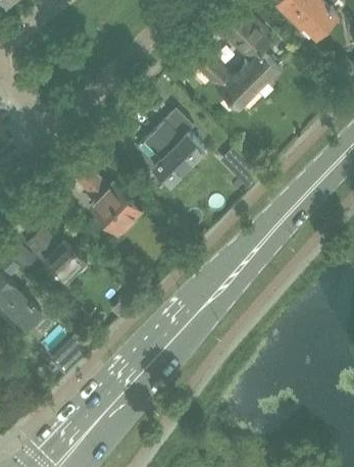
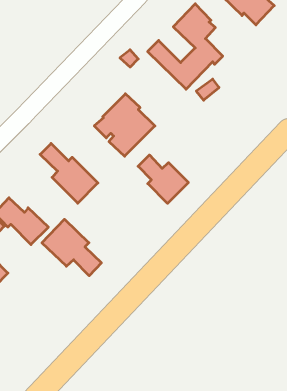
building: none -> [138,155,188,203]
building: none -> [42,219,101,276]

